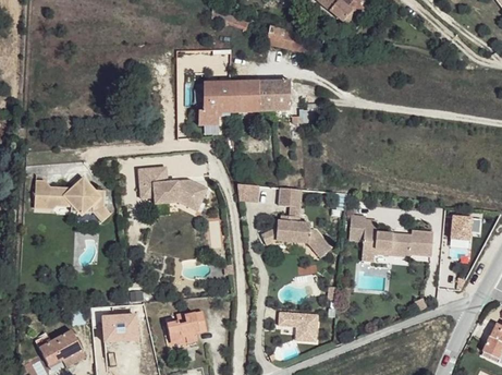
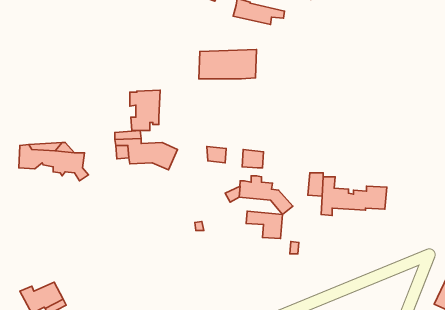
building: [197,82,230,125] -> [130,90,160,130]
building: [451,217,481,241] -> none
building: [168,311,207,342] -> none
building: [279,312,318,341] -> [246,211,283,239]
building: [102,313,137,340] -> none

